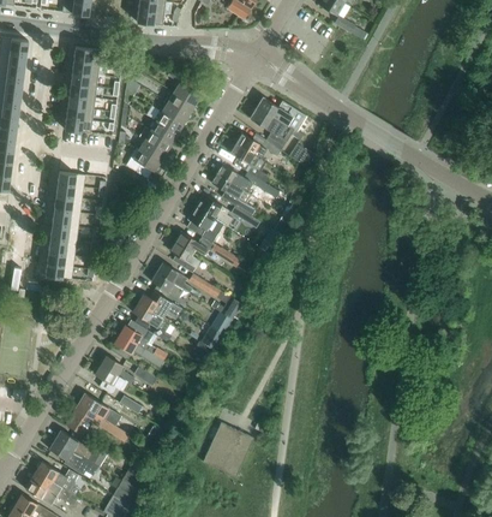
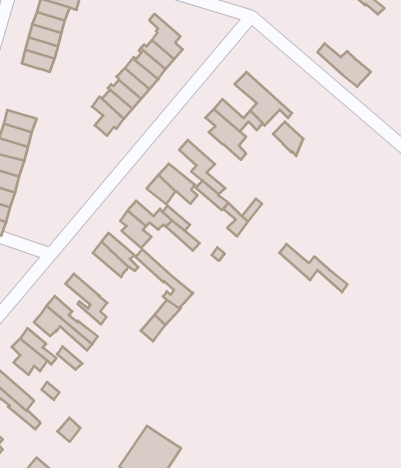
building: [258,99,306,131] -> [318,43,371,87]
building: [217,165,280,198] -> [279,244,347,292]
building: [138,292,181,320] -> none

